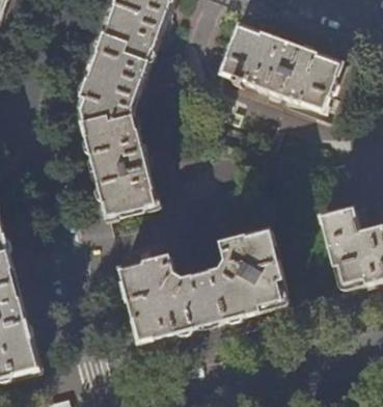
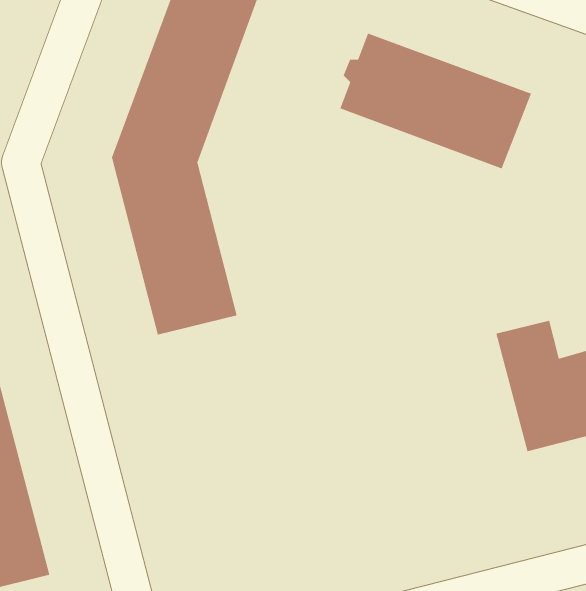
building: [117,227,288,342] -> none

